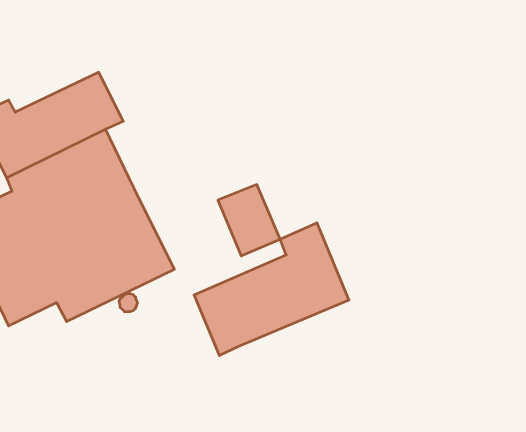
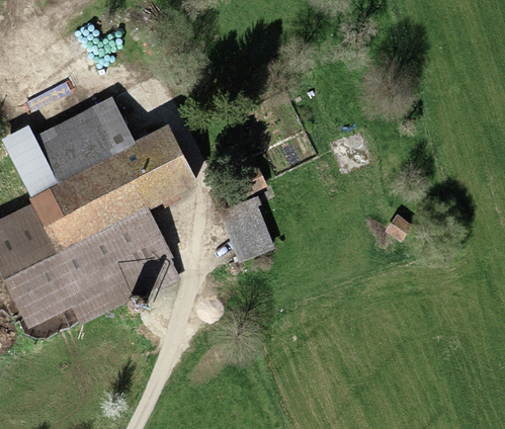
building: none -> [116,123,199,211]
building: [194,223,349,356] -> none

